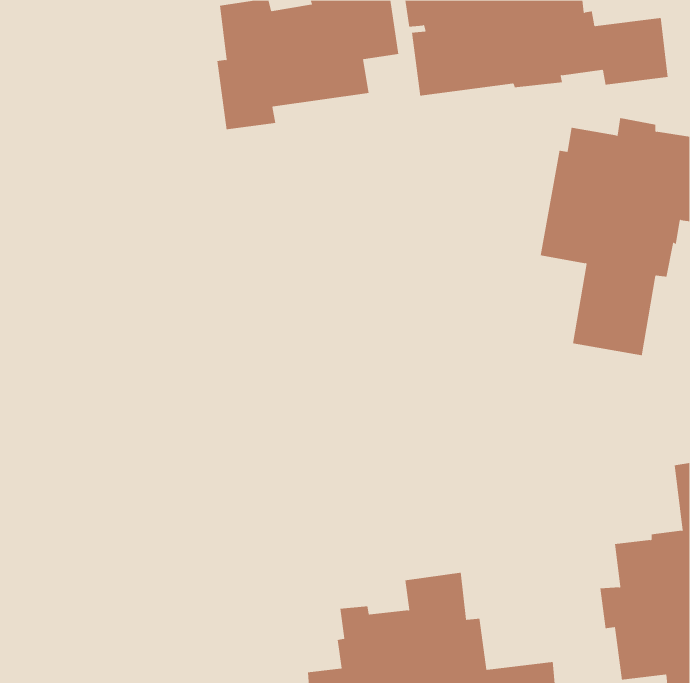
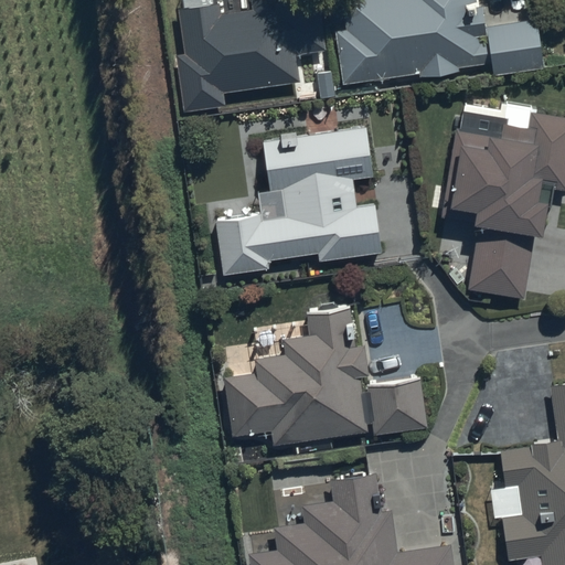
building: none -> [221,121,398,275]
building: none -> [224,306,427,447]

